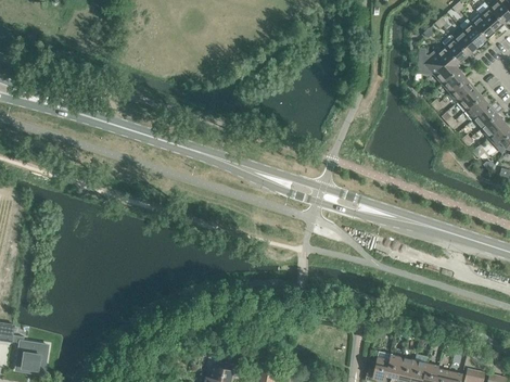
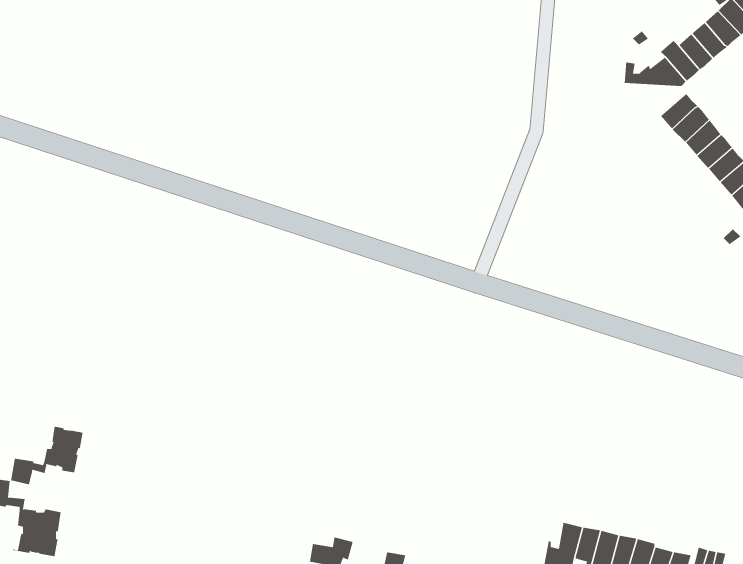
building: [418,63,459,85] -> none
building: none -> [11,425,83,485]

